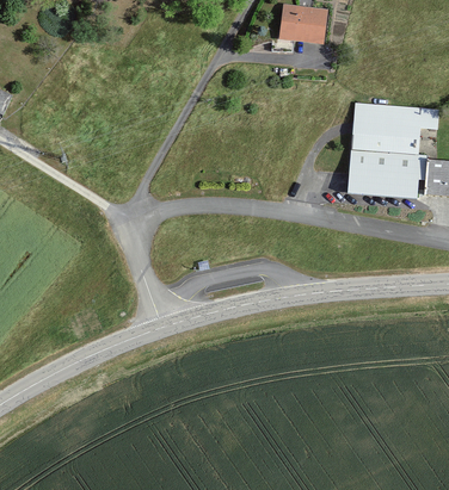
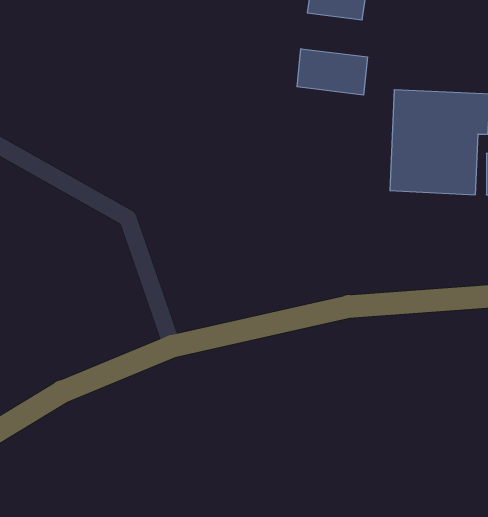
building: none -> [297,49,367,95]

